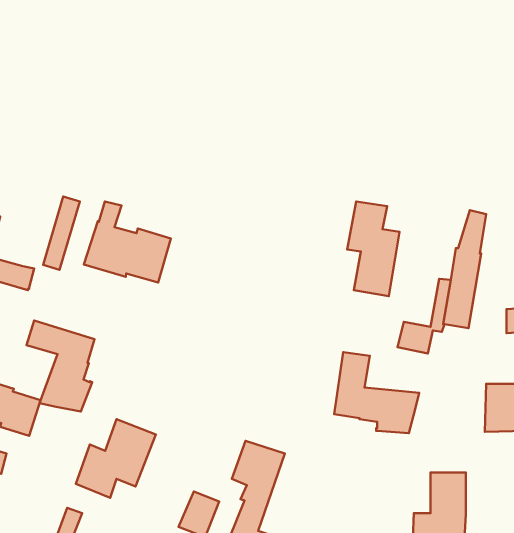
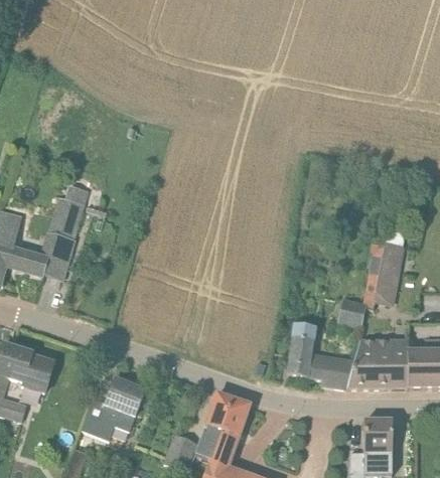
building: [84,202,171,283] -> none
building: [347,202,400,296] -> none
building: [27,321,95,412] -> none
building: none -> [346,340,408,388]

